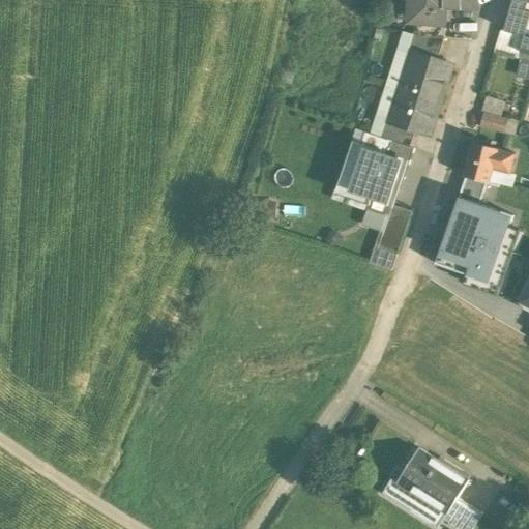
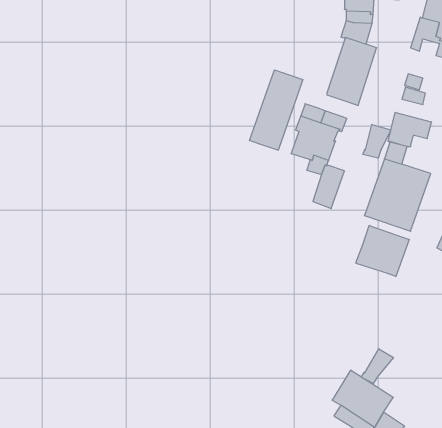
building: none -> [250,70,303,150]
building: [379,117,414,147] -> none
building: none -> [363,124,391,158]
building: none -> [356,225,409,277]
building: none -> [361,349,394,384]

